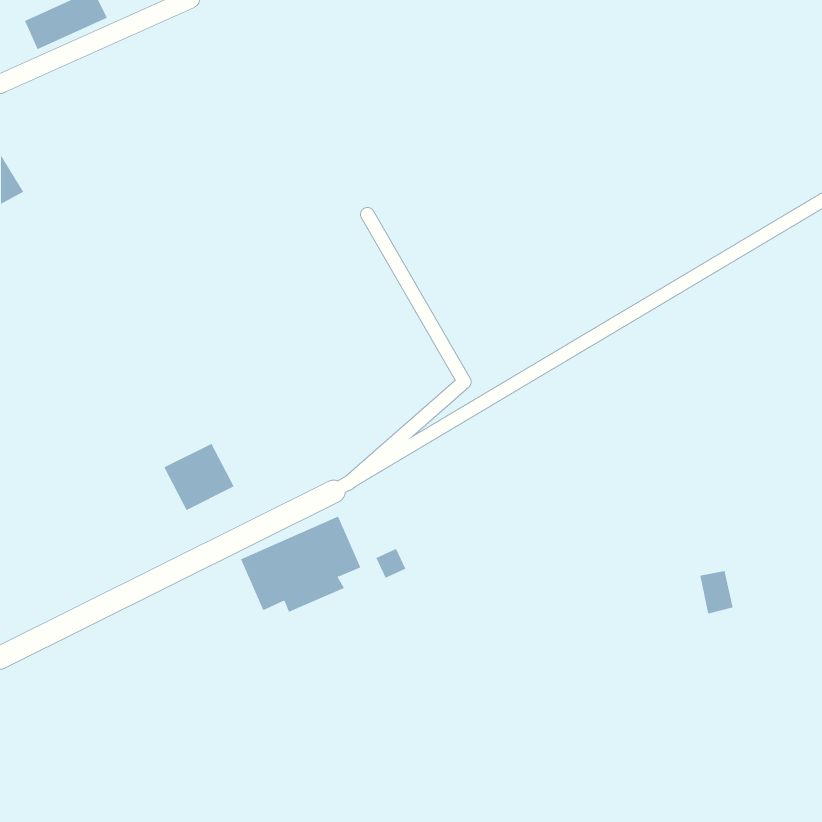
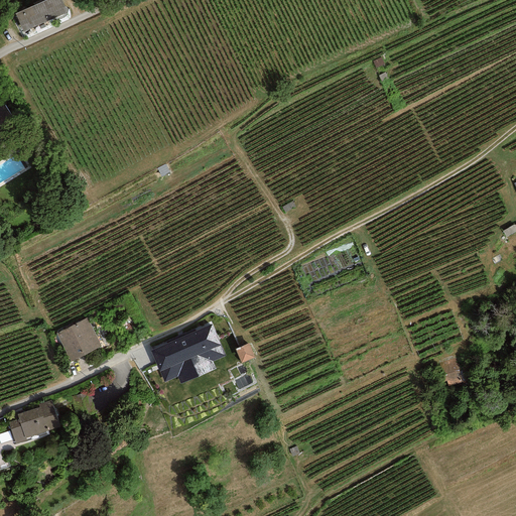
building: [163,443,234,511] -> [57,317,102,360]
building: none -> [9,399,60,442]

